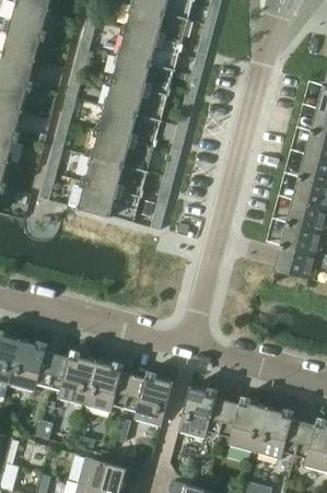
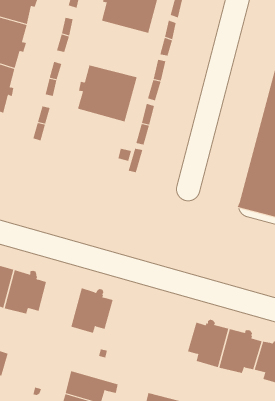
building: [105,55,174,119] -> none
building: [78,155,147,222] -> none
building: [48,349,96,404] -> none
building: [124,369,173,425] -> none
building: [177,386,227,437] -> none

